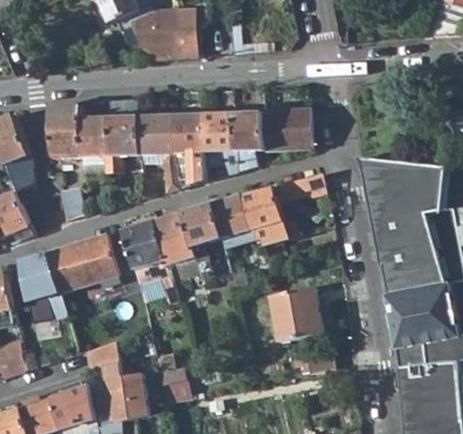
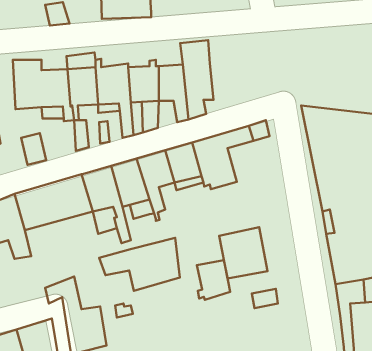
building: [260,108,310,149] -> none
building: none -> [99,238,180,291]
building: none -> [197,260,230,300]

